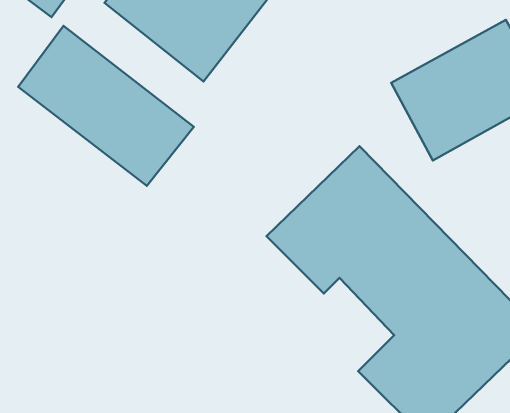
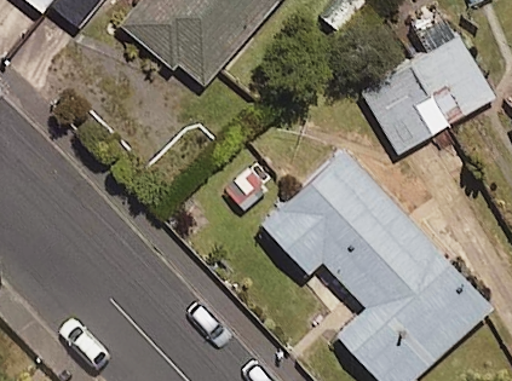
building: [18,26,194,186] -> none

